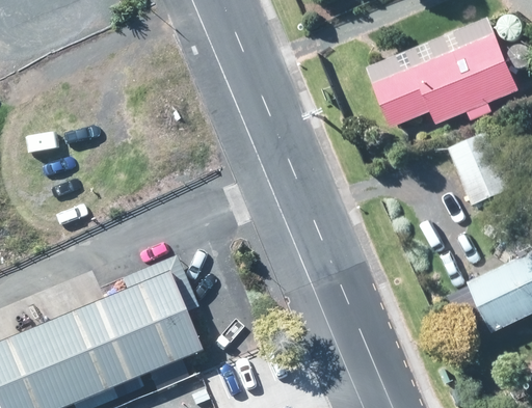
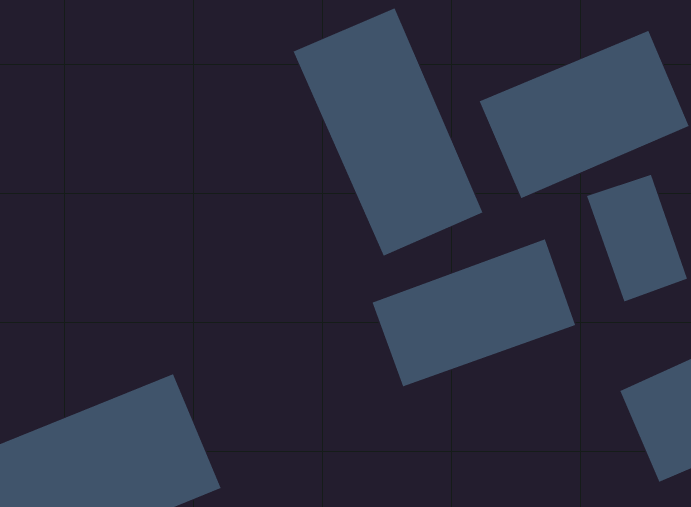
building: none -> [293,7,483,257]
building: none -> [372,239,576,387]

